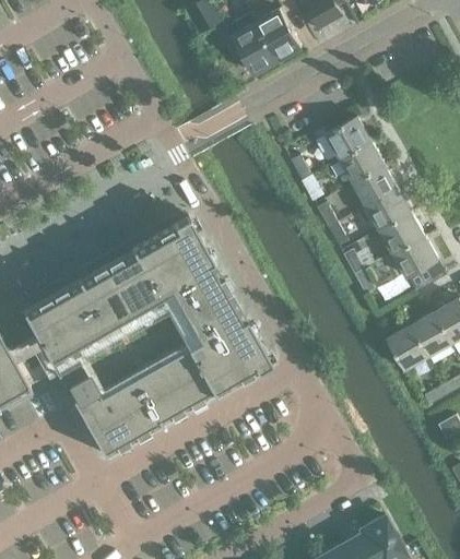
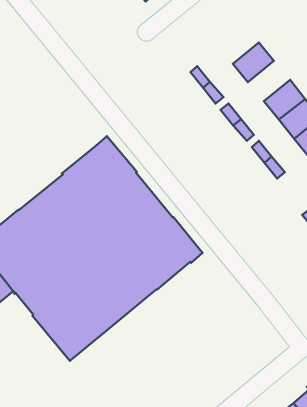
building: [325,117,370,160] -> none
building: [351,165,398,207] -> none

